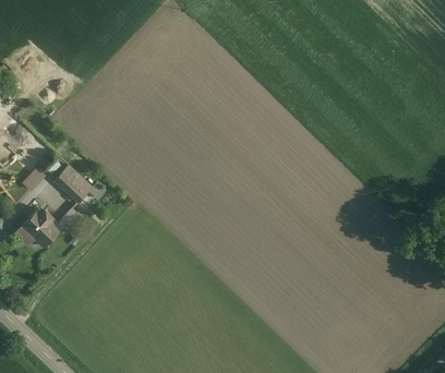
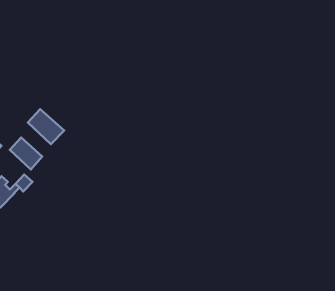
building: none -> [28,109,64,144]

